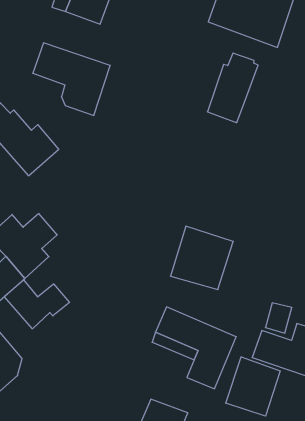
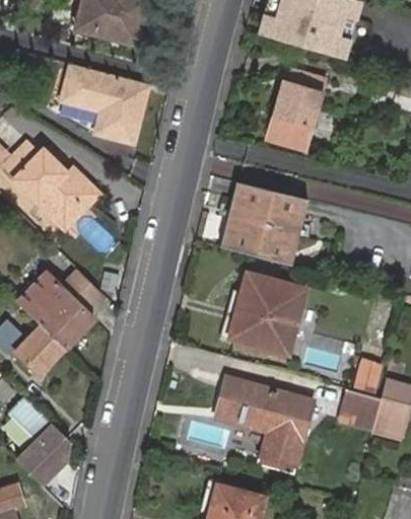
building: none -> [218,179,309,263]
building: [4,280,70,329] -> none
building: [226,357,280,416] -> none

